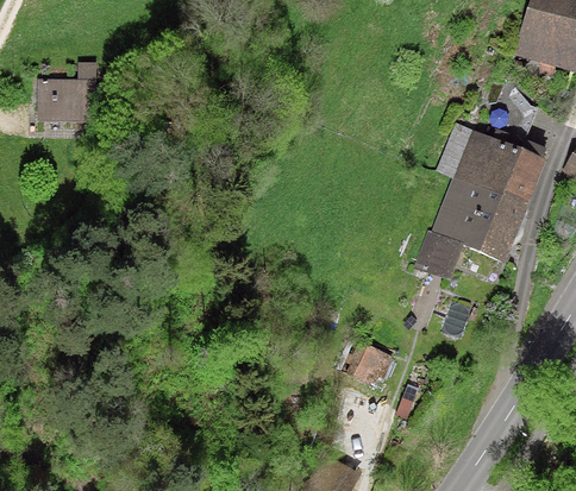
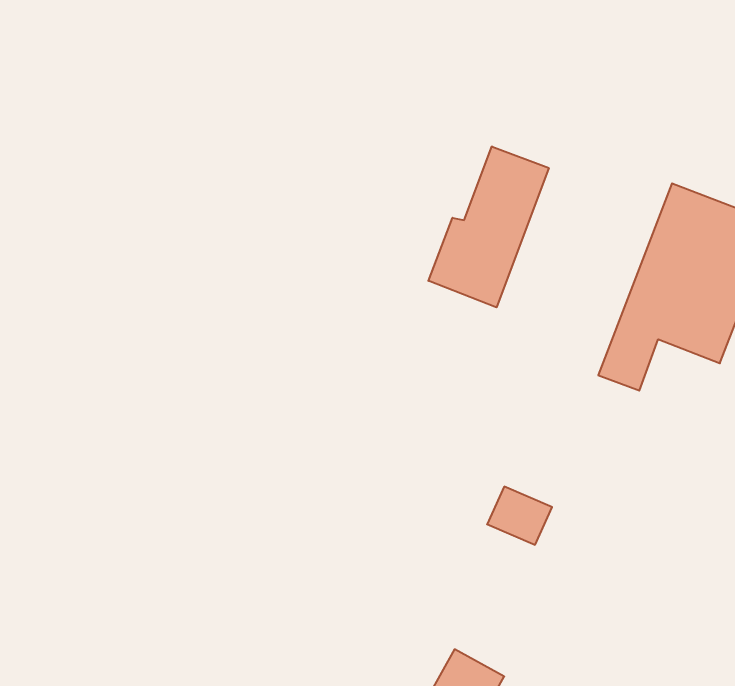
building: [39,82,99,119] -> none
building: none -> [428,146,549,307]

